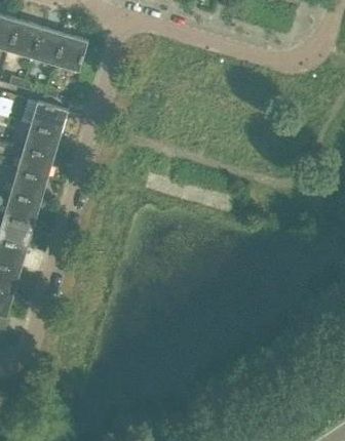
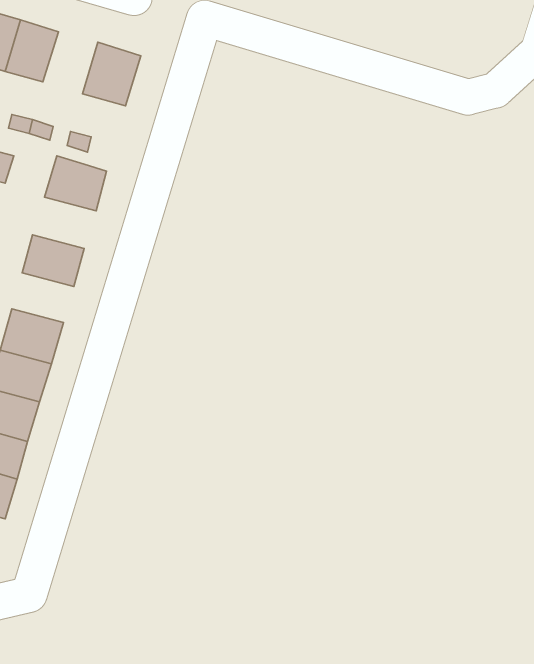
building: [29,26,62,63] -> none
building: [23,124,61,155] -> none
building: [10,169,47,199] -> none

